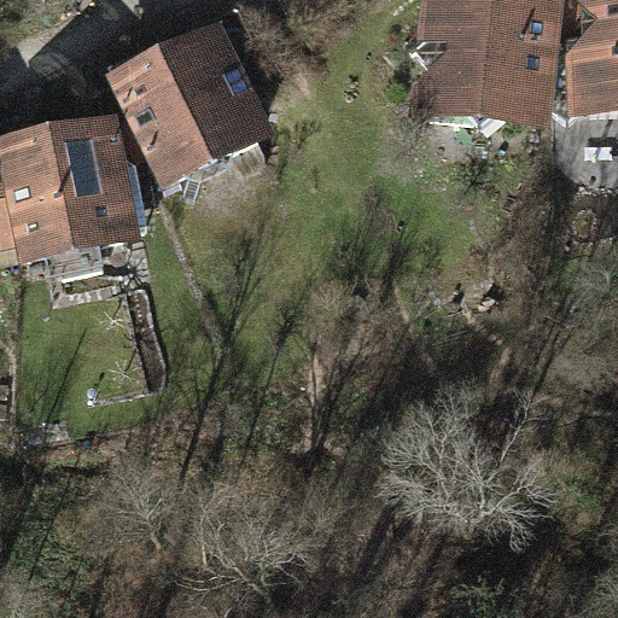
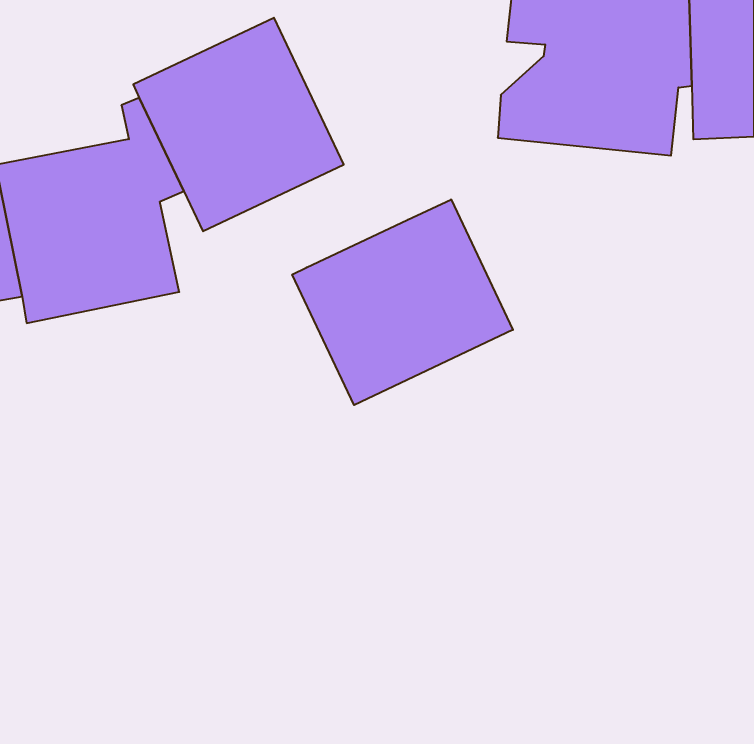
building: none -> [292,199,513,405]

